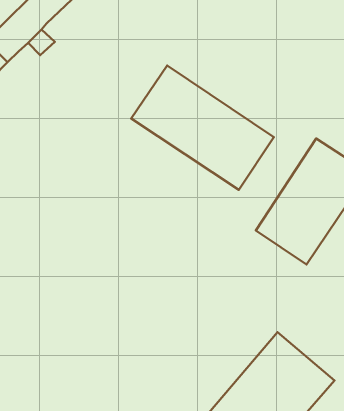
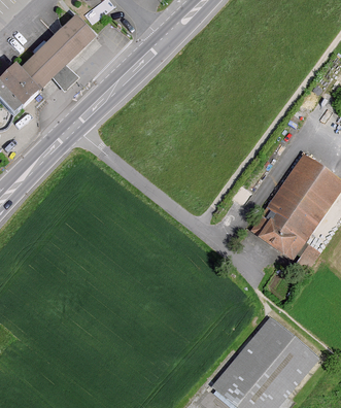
building: [131,65,274,190] -> none

